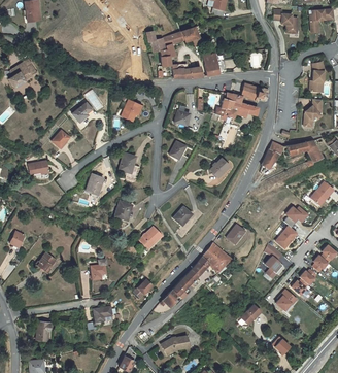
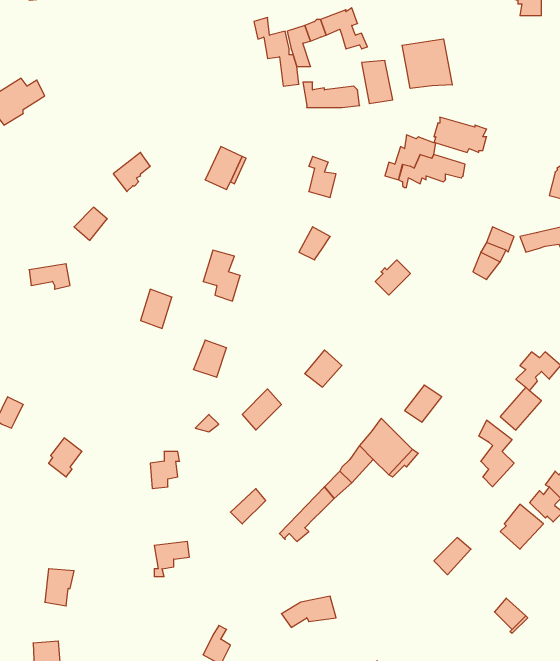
building: none -> [402,39,452,88]

